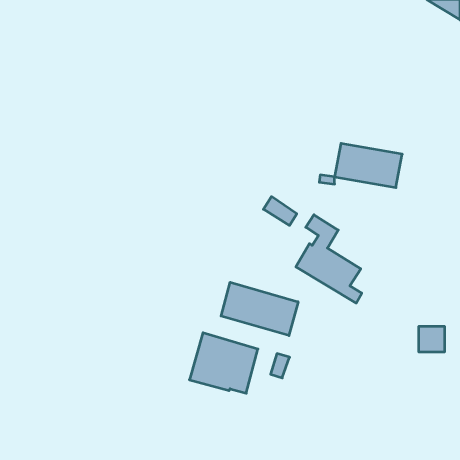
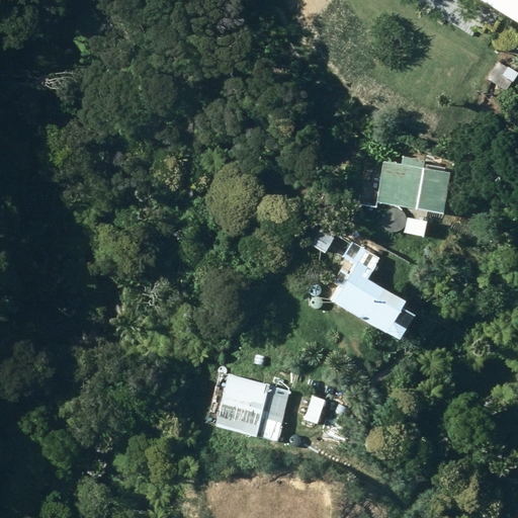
building: [221,282,298,336] -> none

